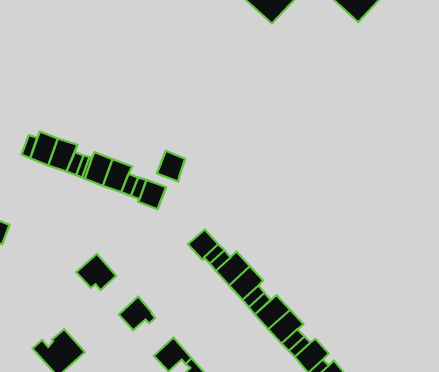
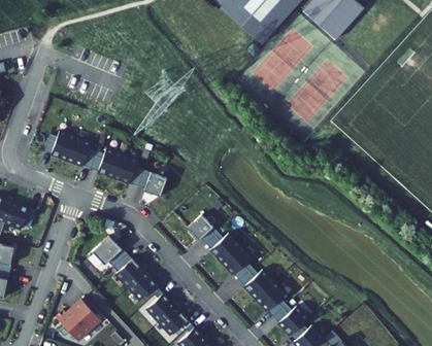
building: [157,151,185,181] -> none
building: none -> [113,253,145,286]
building: none -> [147,289,175,321]

